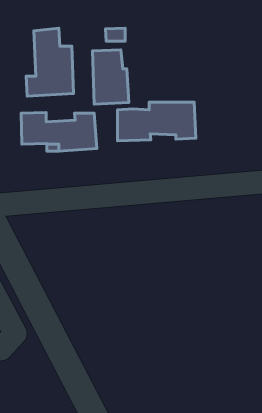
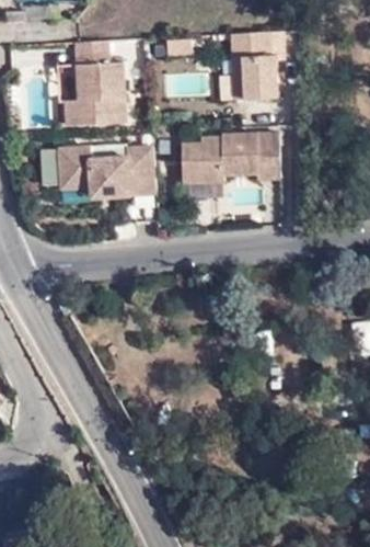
building: [93,50,129,104] -> [231,32,277,101]

